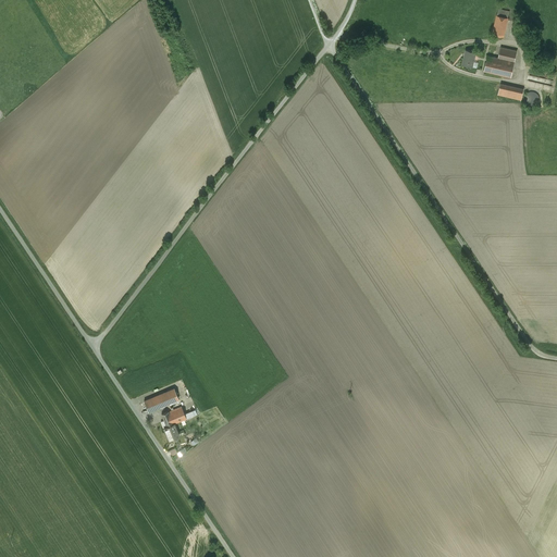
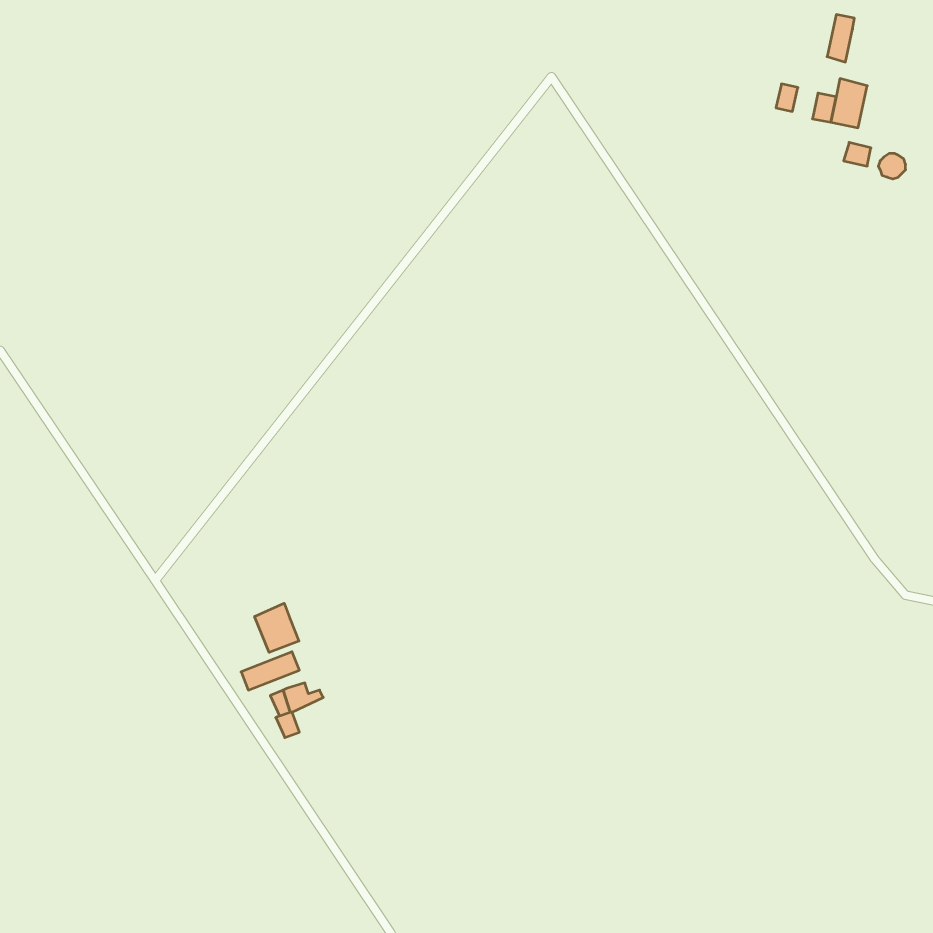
building: none -> [255,603,299,652]

